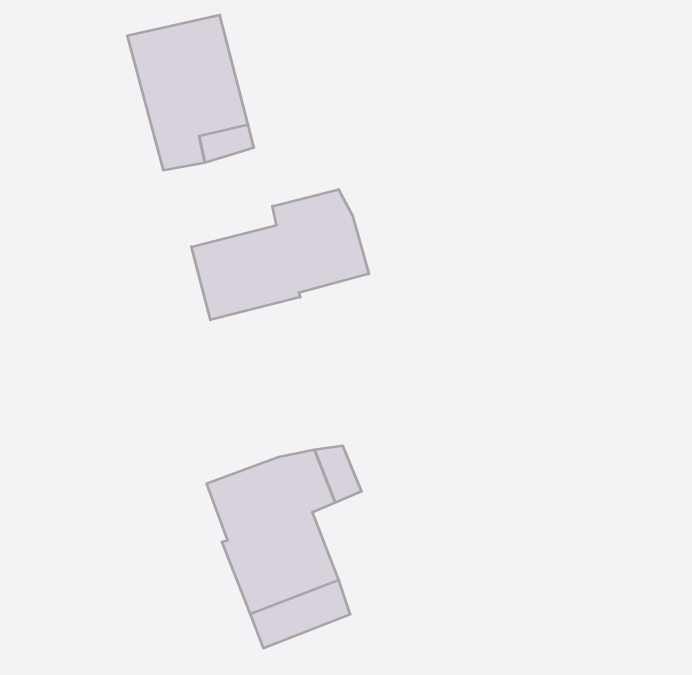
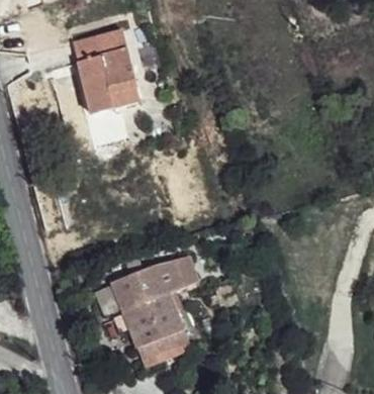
building: [191,189,369,320] -> none

